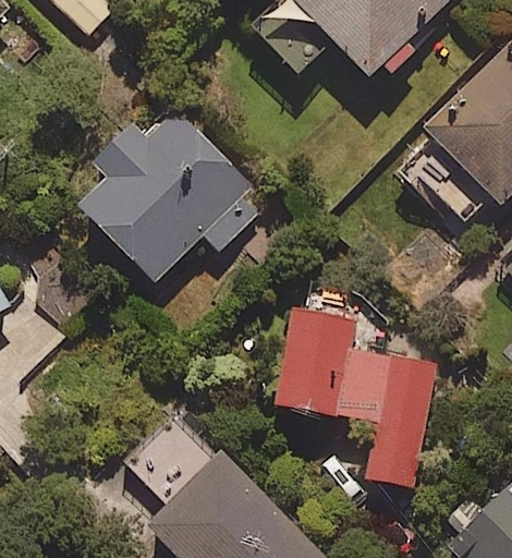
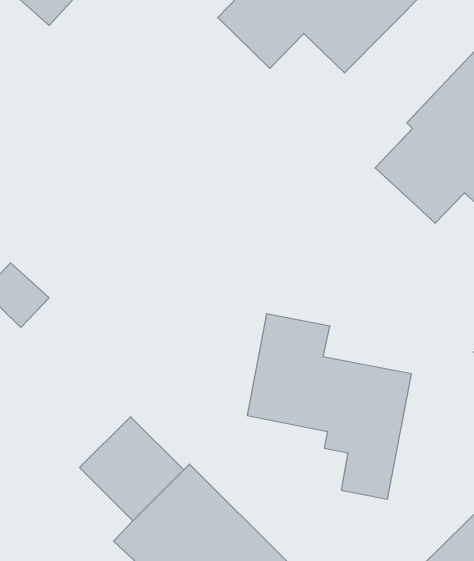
building: [80,96,266,281] -> none

